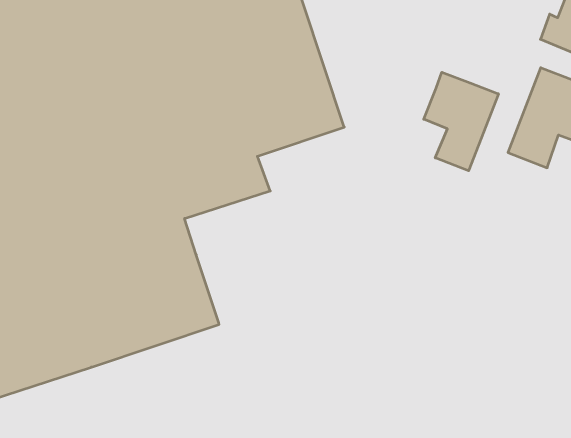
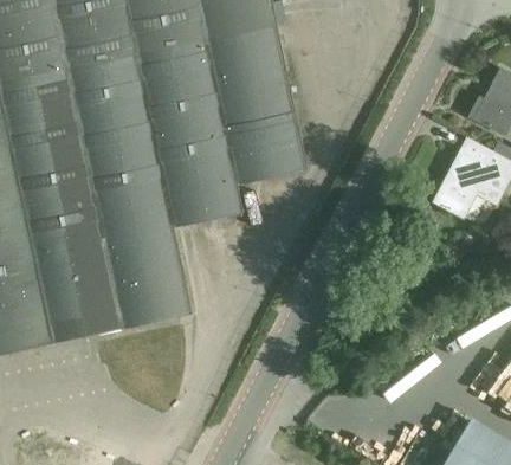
building: [424,72,498,171] -> none

